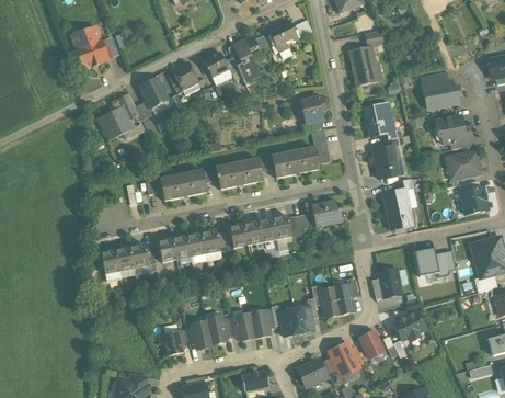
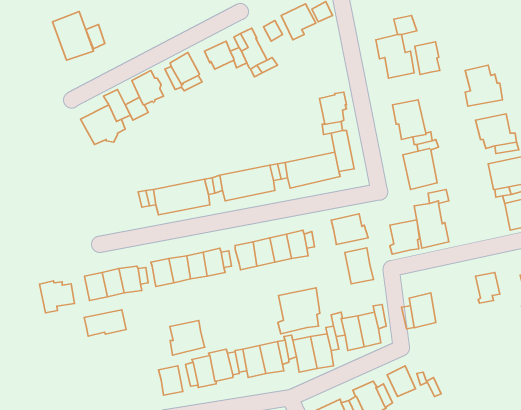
building: none -> [415,42,440,74]
building: none -> [390,220,420,254]
building: none -> [345,248,374,284]
building: [414,247,439,276] -> none
building: none -> [39,281,75,313]
building: none -> [278,288,320,334]
building: none -> [84,310,126,336]
building: none -> [170,321,205,355]
building: [393,310,425,340] -> none

